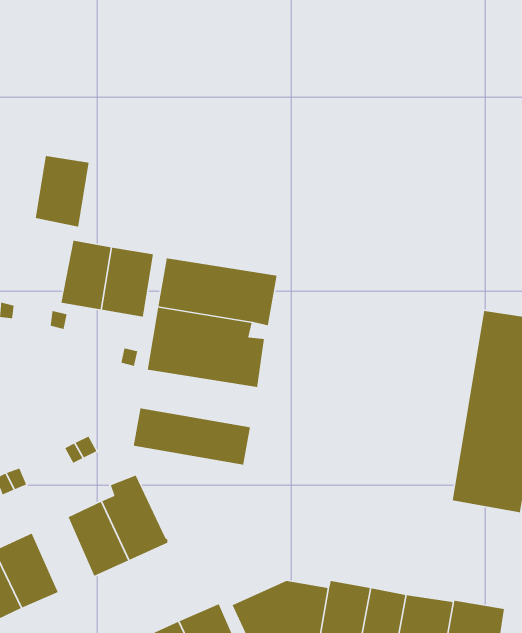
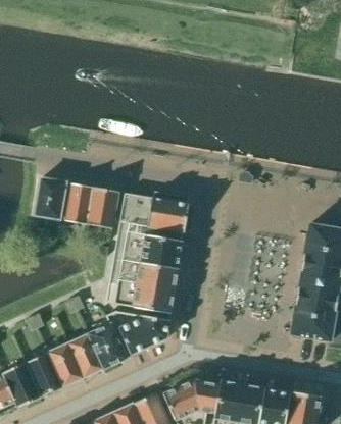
building: [35,155,89,227] -> [35,177,66,219]
building: none -> [110,258,179,290]
building: none -> [106,310,169,356]
building: none -> [48,342,84,386]

